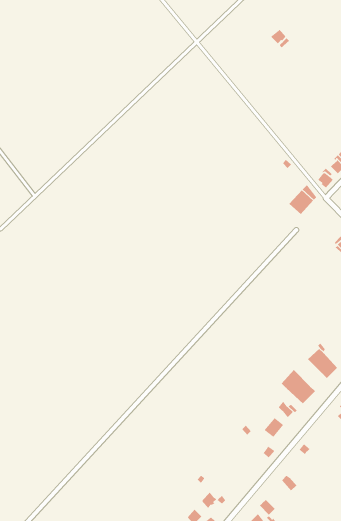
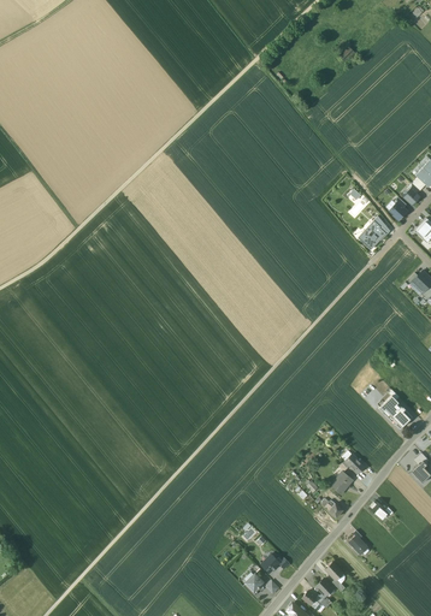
building: [281,369,316,404] -> none

